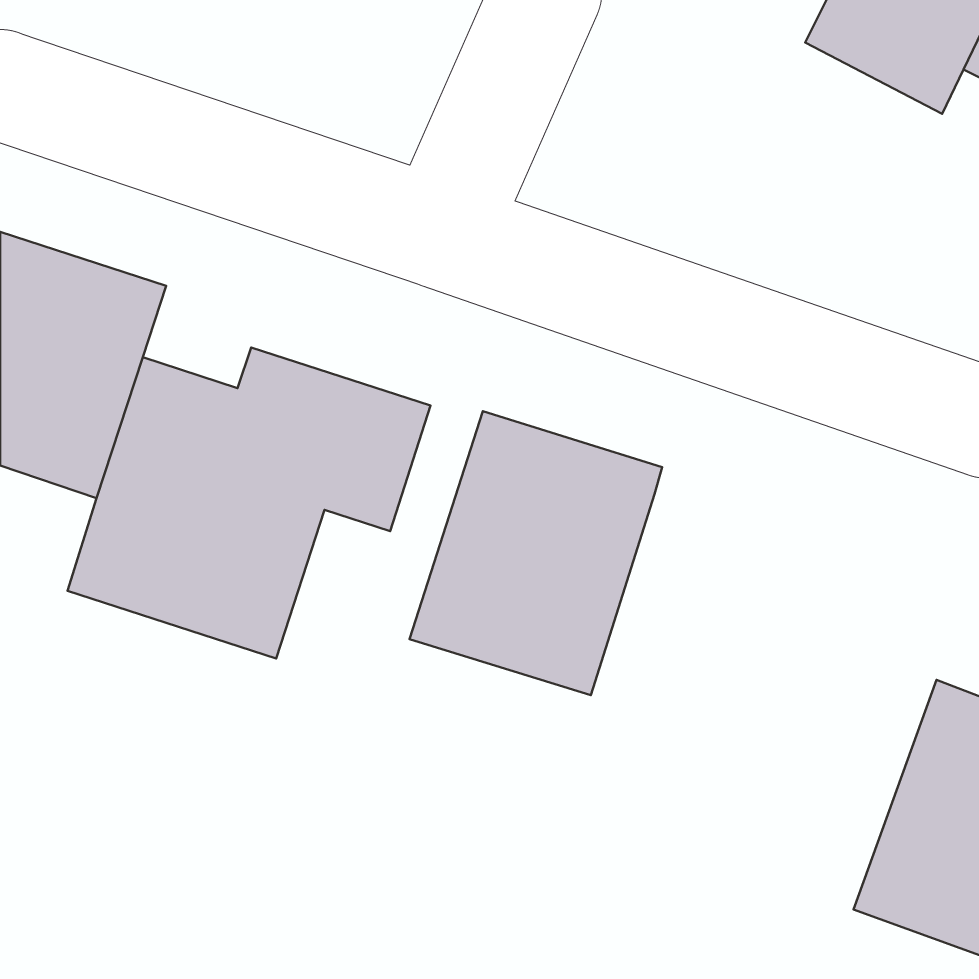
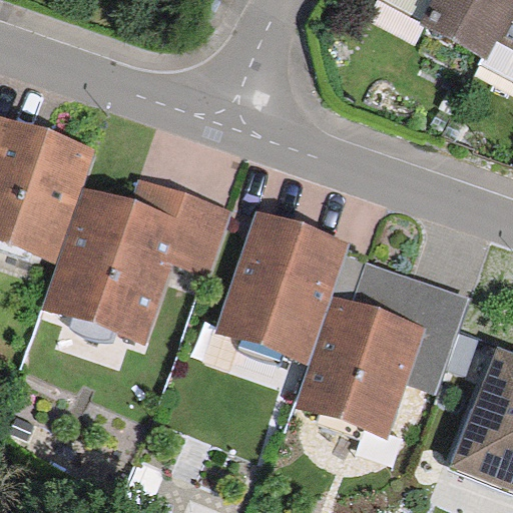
building: none -> [297,256,466,434]

